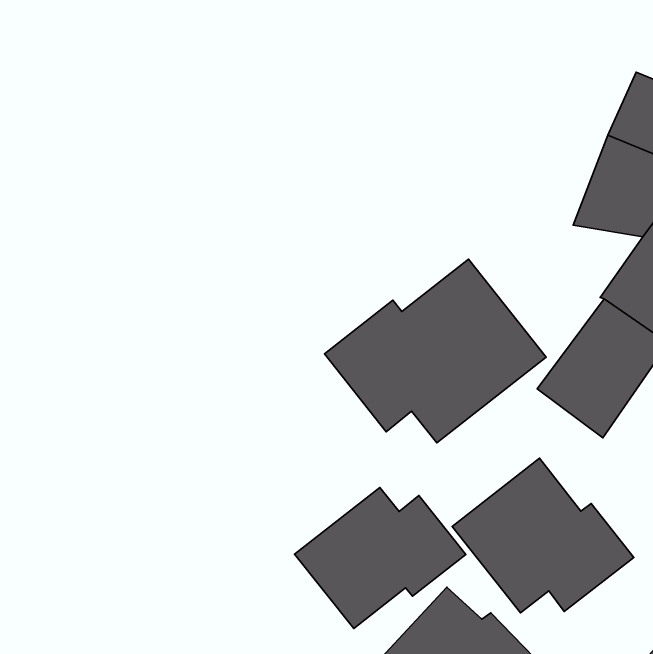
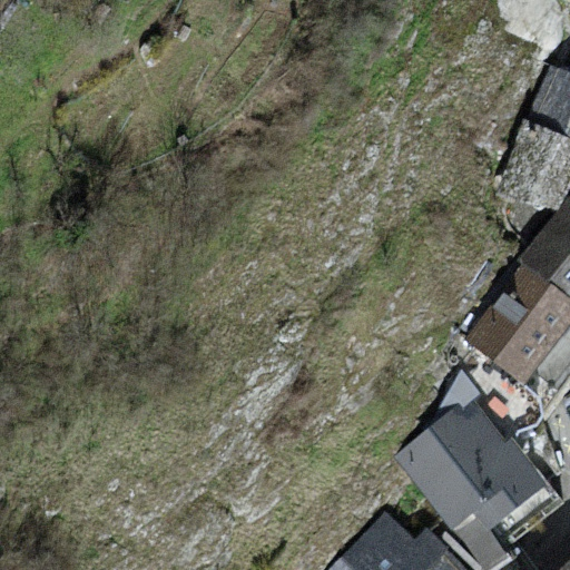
building: [324,259,546,443] -> none
building: [295,487,466,629] -> none

